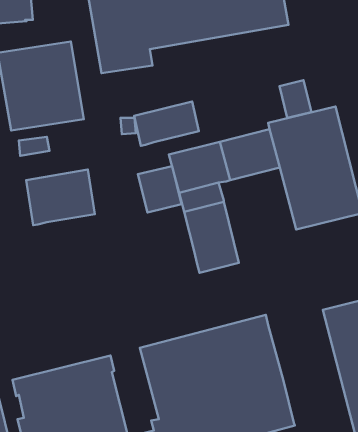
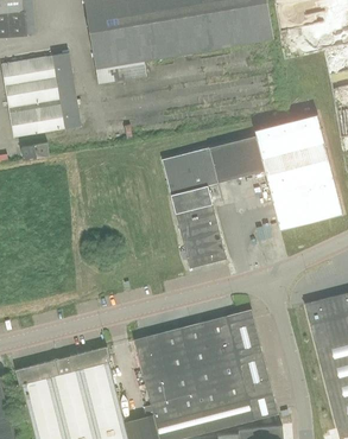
building: [279,80,311,118] -> none
building: [134,101,199,146] -> none
building: [138,166,182,212] -> none
building: [26,169,95,225] -> none

